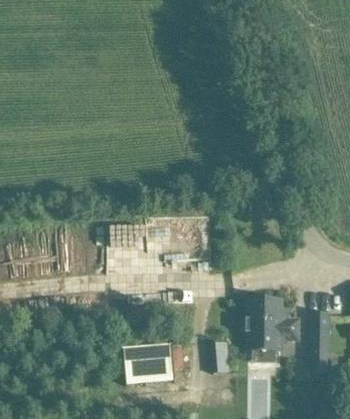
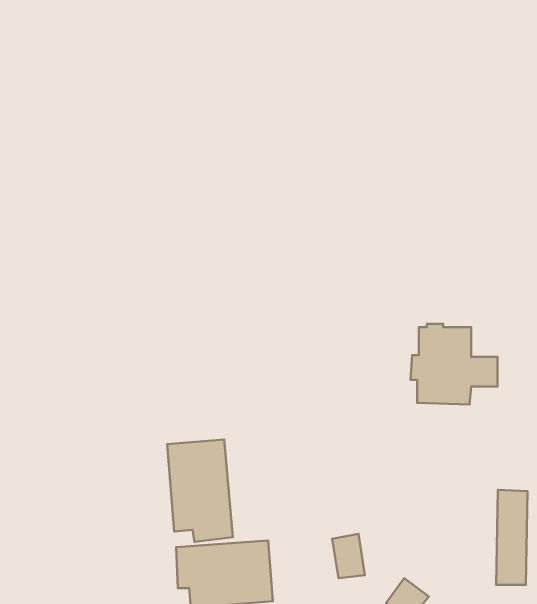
building: none -> [167,440,233,542]
building: [245,301,299,351] -> [410,324,497,404]

